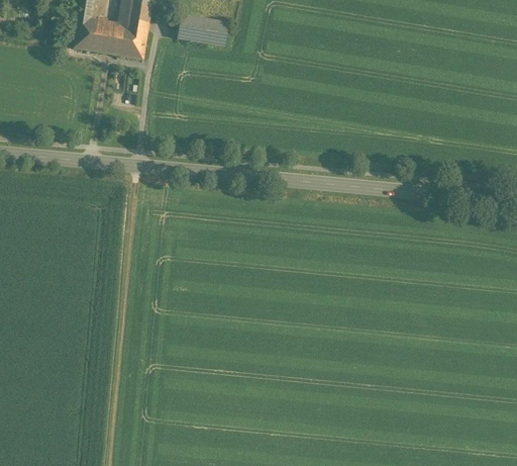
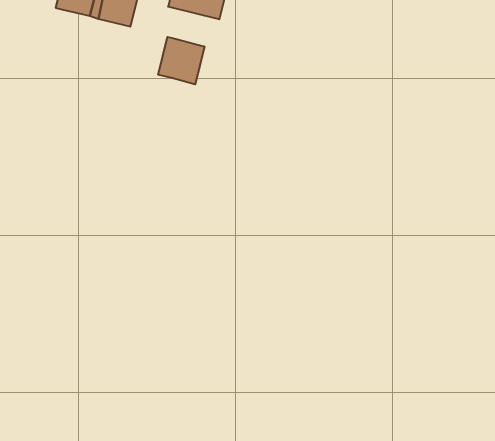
building: none -> [158,37,204,84]

